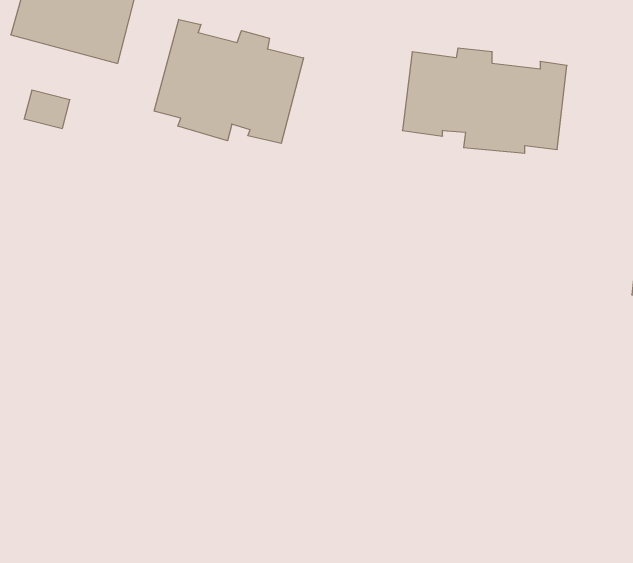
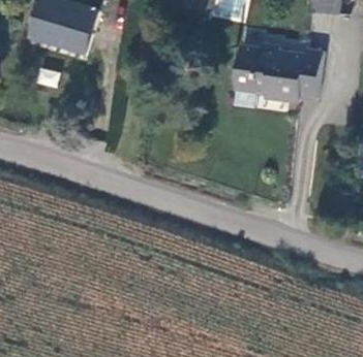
building: [154,19,304,143] -> none

